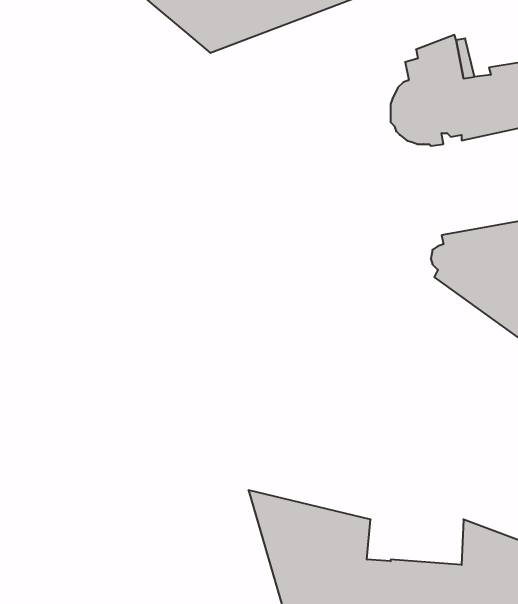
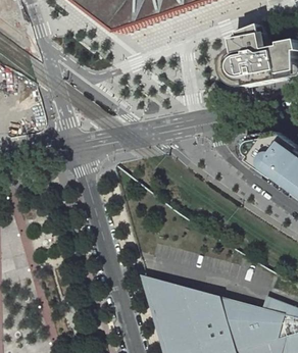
building: none -> [206,295,260,320]

